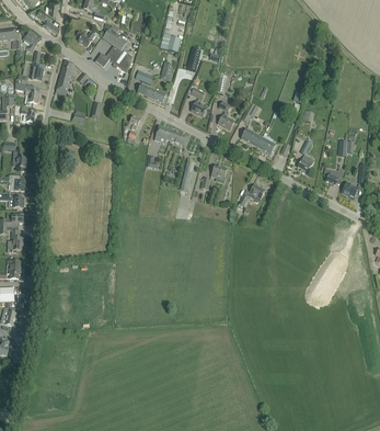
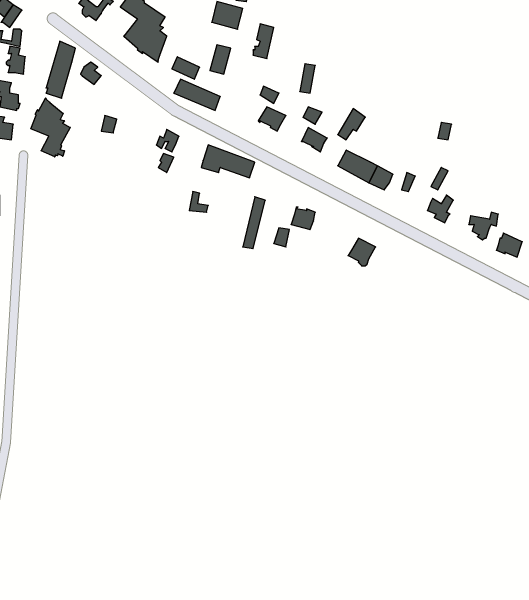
building: none -> [31,98,70,157]

